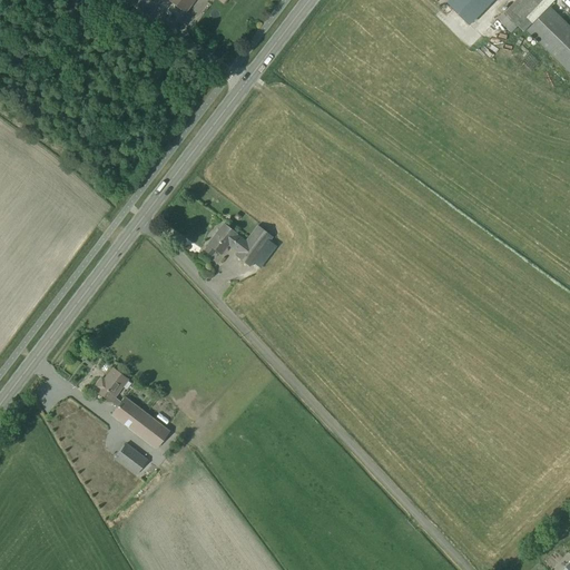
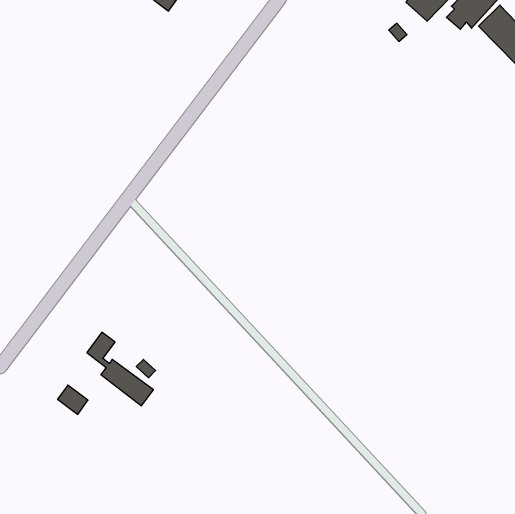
building: [206,223,274,265] -> none
building: [115,442,148,474] -> [58,385,88,414]

